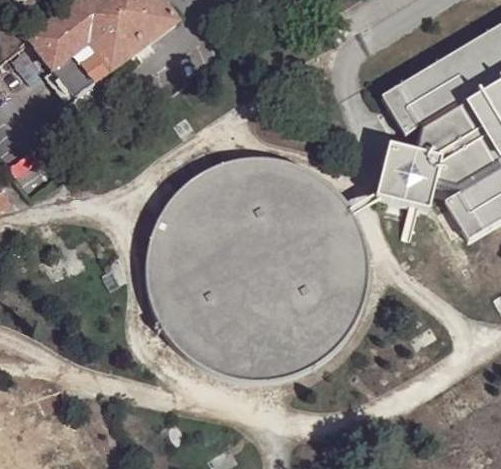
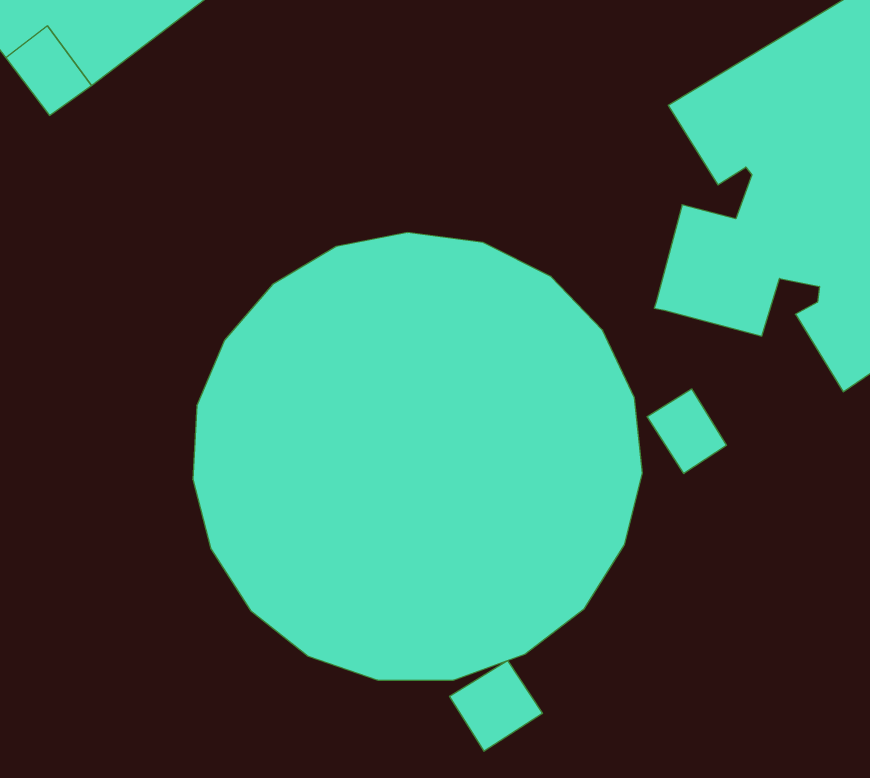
building: none -> [647,389,726,474]
building: none -> [450,661,542,751]

